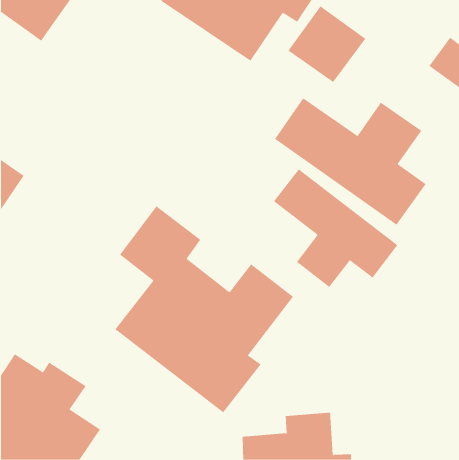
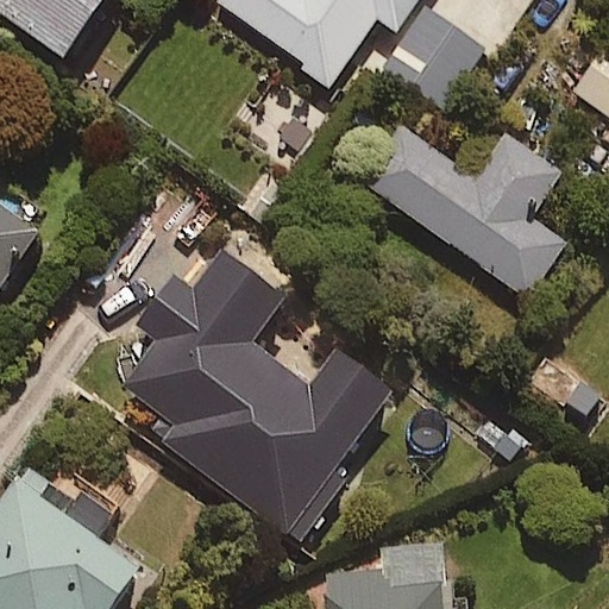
building: [273,168,398,288] -> none

